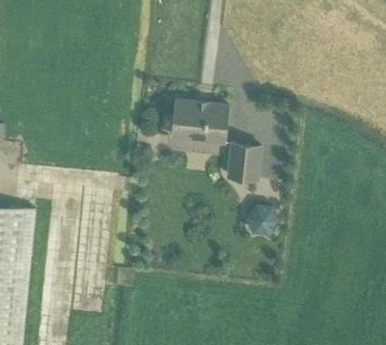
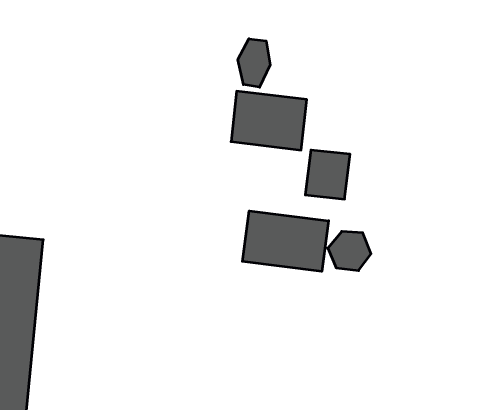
building: none -> [238,39,270,87]
building: none -> [242,211,329,271]

